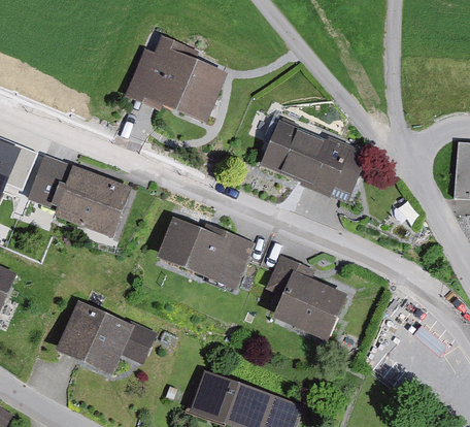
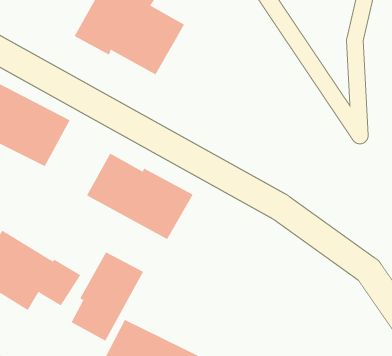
building: [260,120,368,203] -> none
building: [265,255,347,339] -> none
building: none -> [71,252,144,342]

